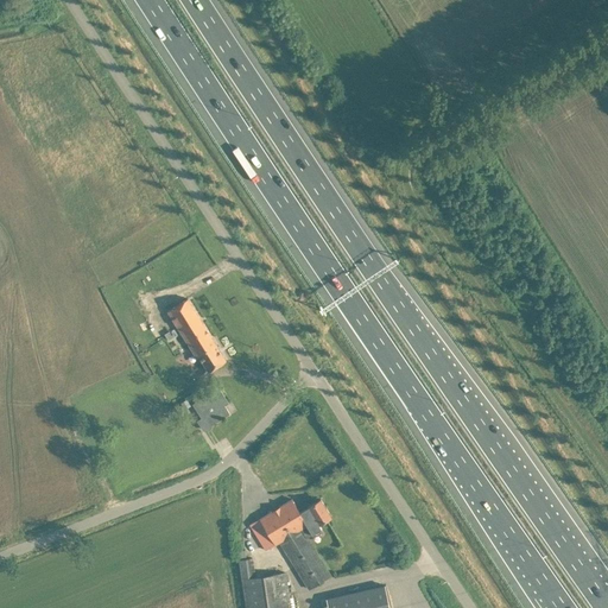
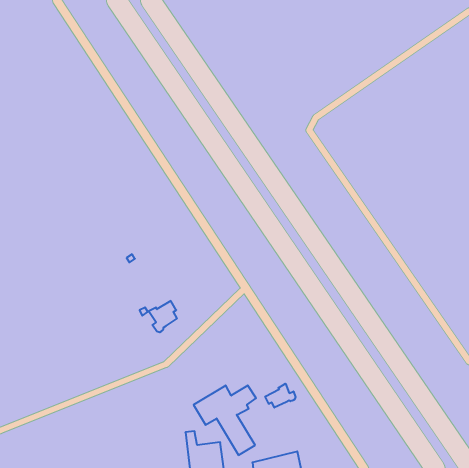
building: [167,299,226,372] -> none
building: none -> [265,384,295,408]

